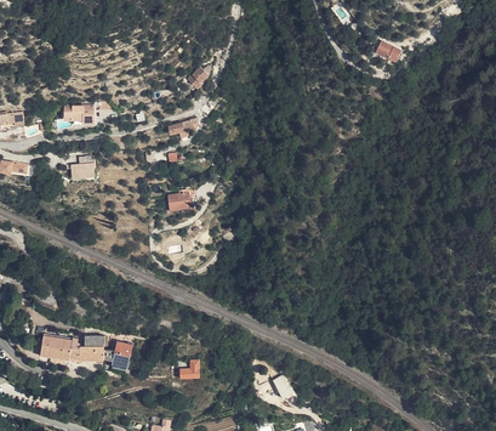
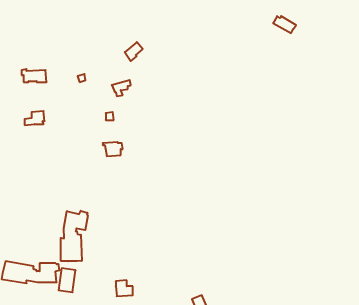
building: none -> [61,211,88,261]

